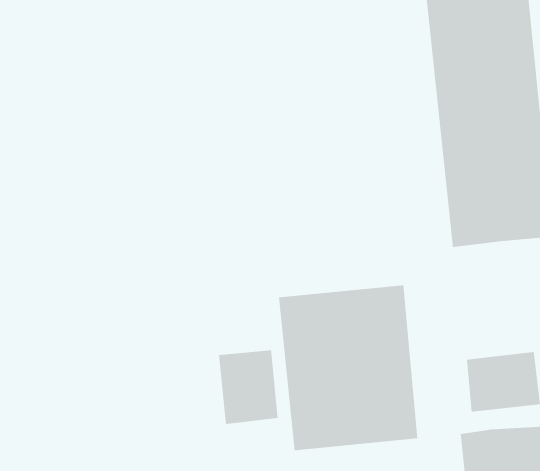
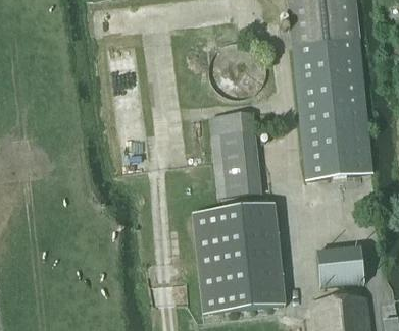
building: none -> [210,111,261,198]
building: [218,350,278,425] -> none

